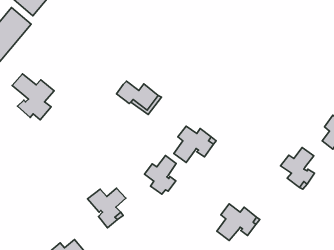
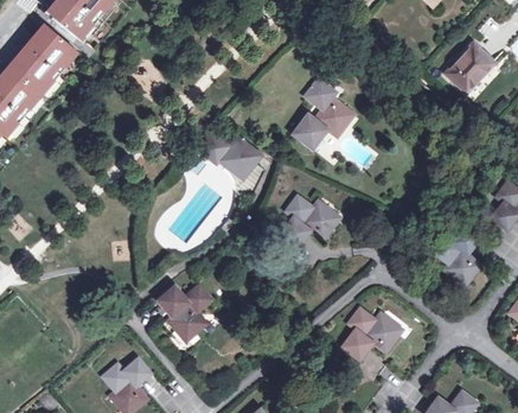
building: none -> [446,44,494,94]
building: none -> [294,78,354,148]
building: [12,74,54,120] -> none
building: [145,155,176,194] -> none

